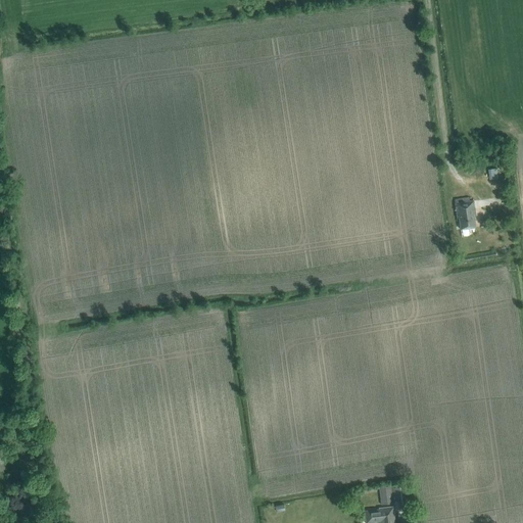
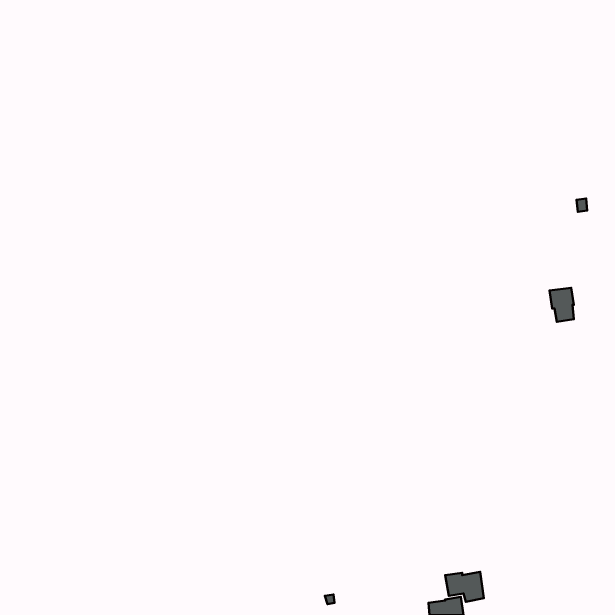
building: [455,201,475,230] -> [550,288,574,322]

